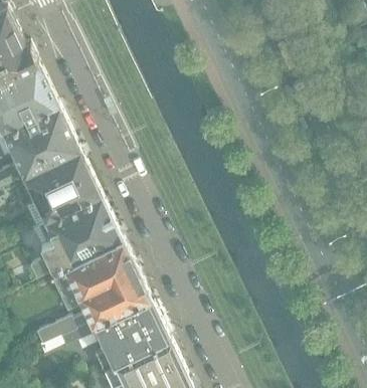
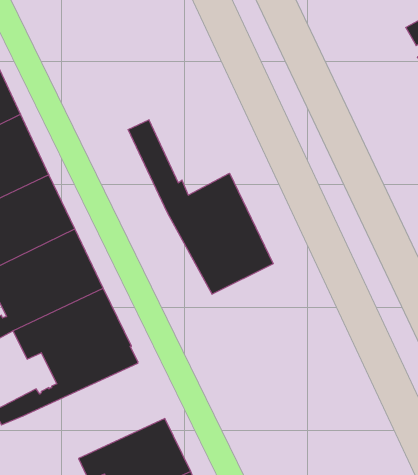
building: none -> [128,120,273,294]
building: [57,295,168,369] -> none

